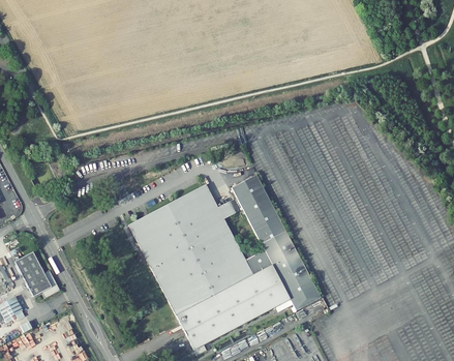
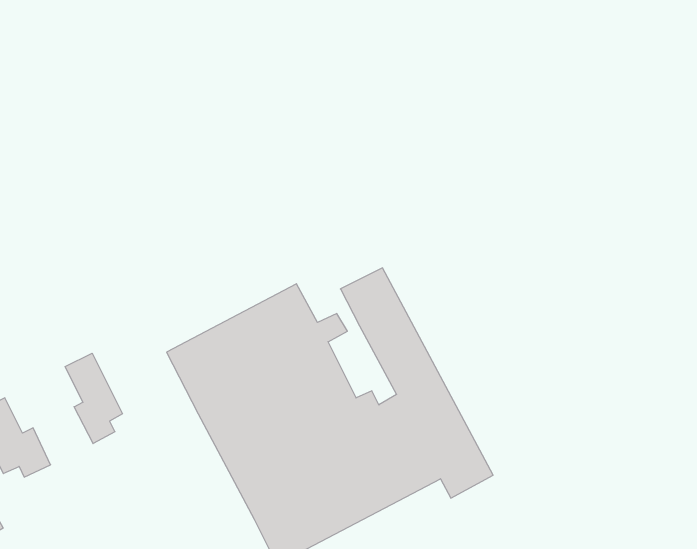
building: none -> [65,353,122,444]

